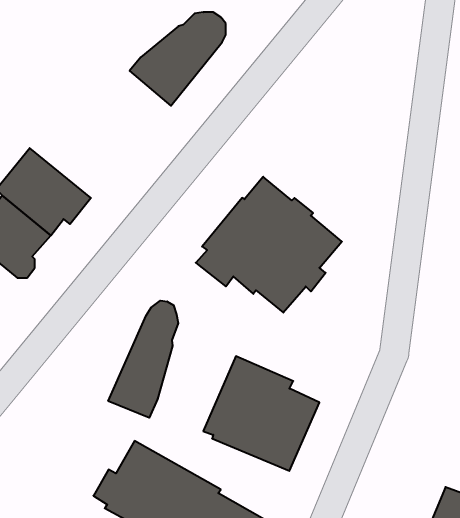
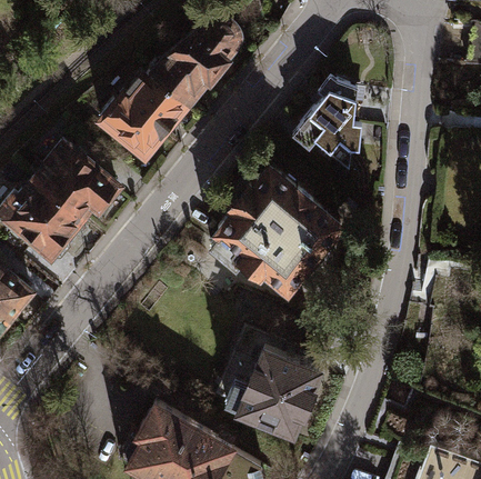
building: none -> [98,73,187,159]
building: none -> [291,78,360,169]
building: [108,301,178,418] -> none

